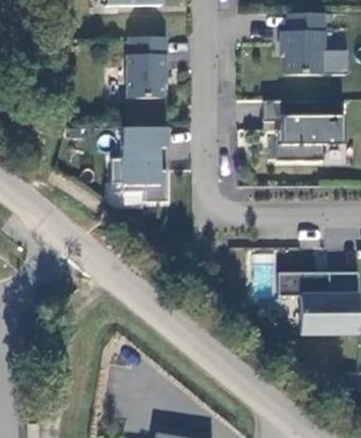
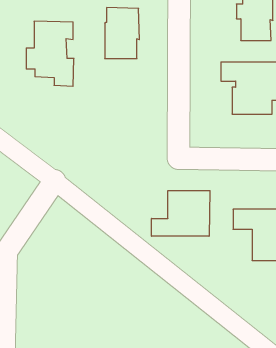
building: [112,125,168,201] -> [26,21,74,86]
building: none -> [152,191,210,236]

